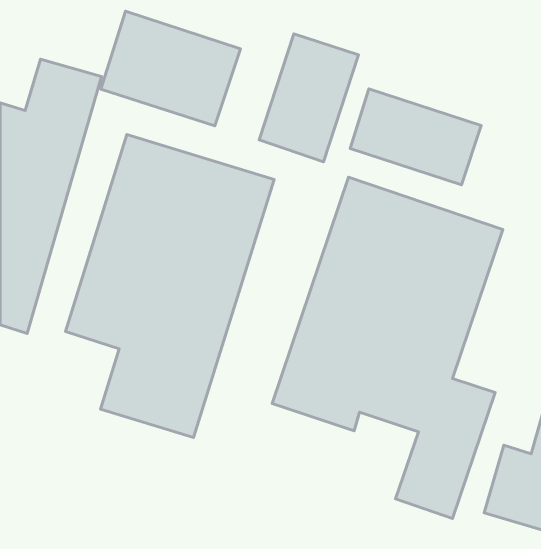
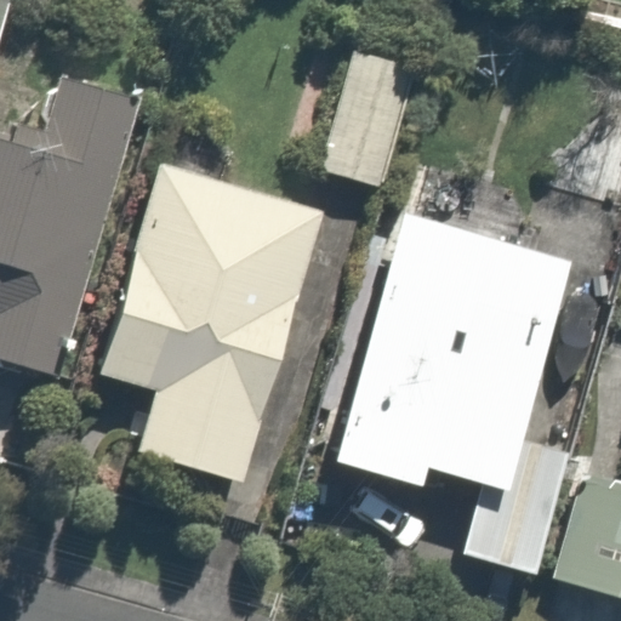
building: [101,11,240,126] -> none
building: [350,89,481,185] -> none

